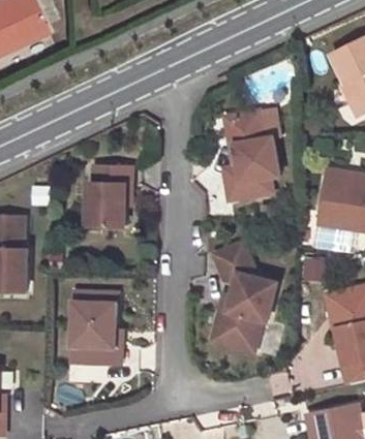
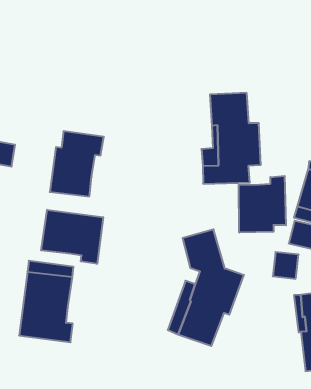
building: none -> [239,176,286,233]
building: none -> [41,210,103,264]

